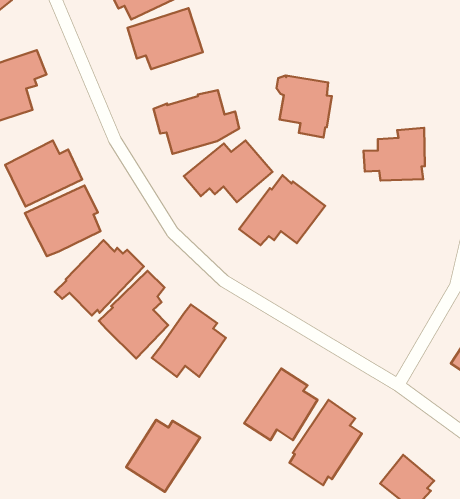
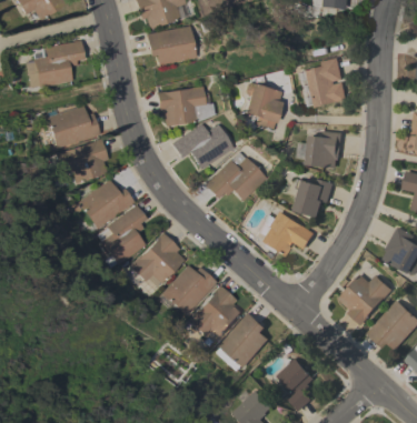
building: none -> [298,58,348,108]
building: none -> [295,178,335,216]
building: none -> [258,210,316,256]
building: [126,420,200,492] -> [162,264,217,315]

